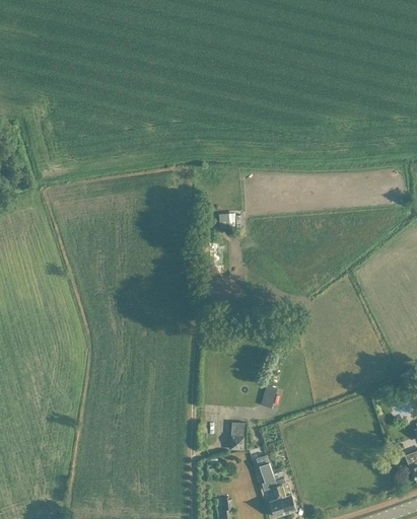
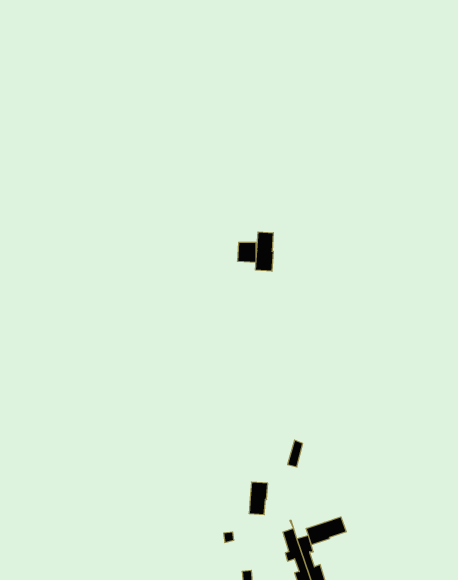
building: none -> [256,232,273,271]
building: none -> [306,517,346,545]

